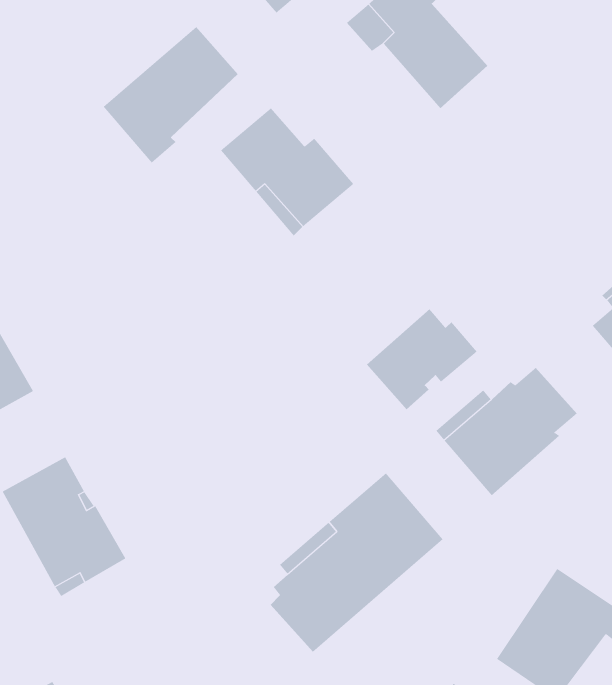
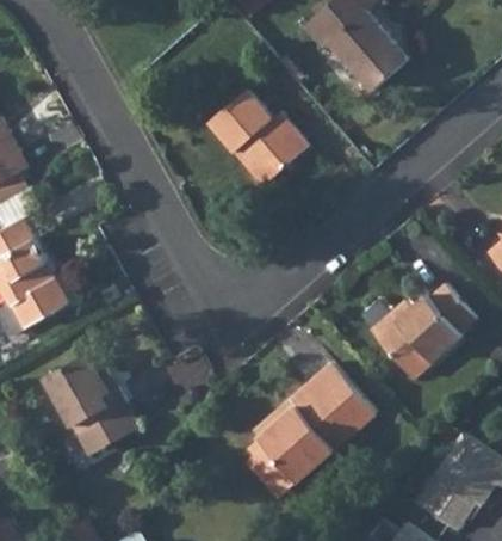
building: [103,26,239,163] -> none
building: [366,309,477,410] -> none

